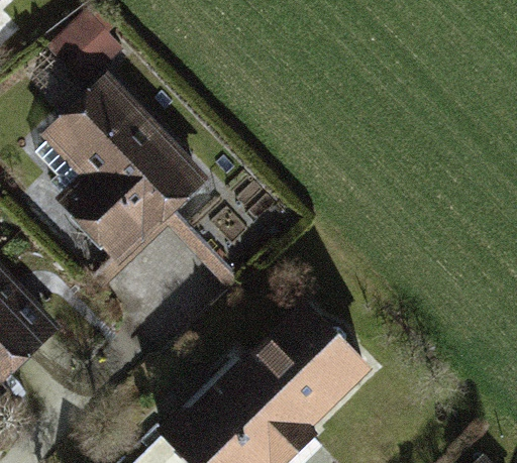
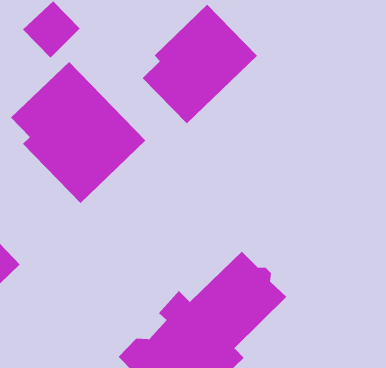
building: none -> [142,4,258,124]

